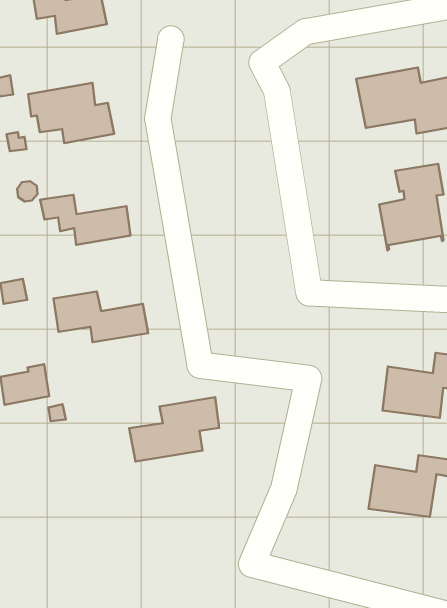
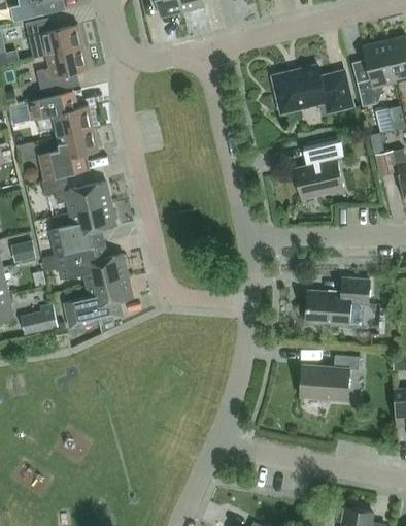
building: none -> [36,46,89,94]
building: none -> [42,128,99,179]
building: none -> [53,203,115,254]
building: [129,397,219,462] -> [65,275,132,327]

